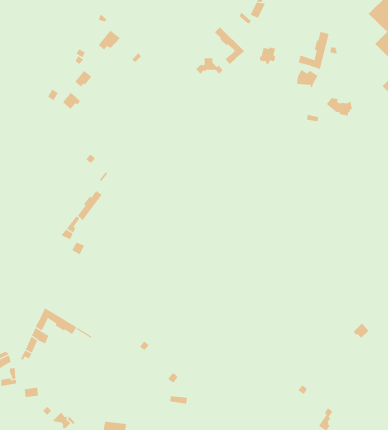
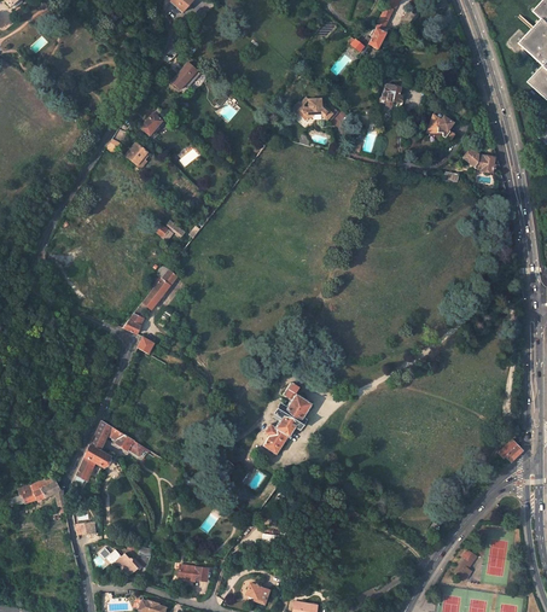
building: [214,26,245,64] -> none
building: [298,31,329,70] -> none
building: none -> [264,381,313,454]

